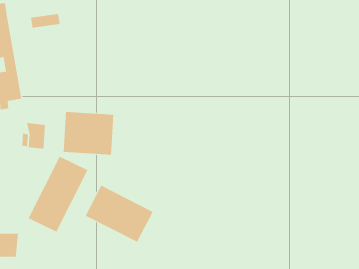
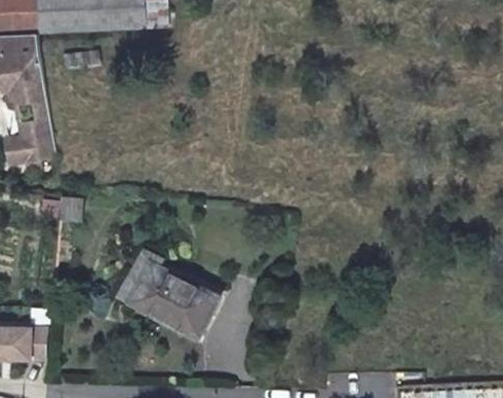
building: [63,111,114,156] -> none
building: [28,156,88,232] -> none

